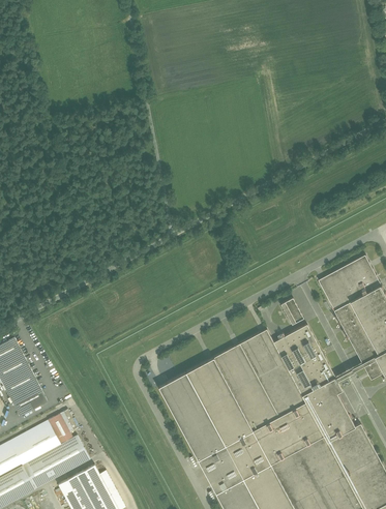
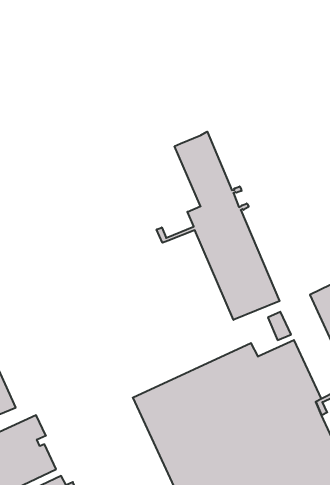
building: none -> [157,132,280,320]

